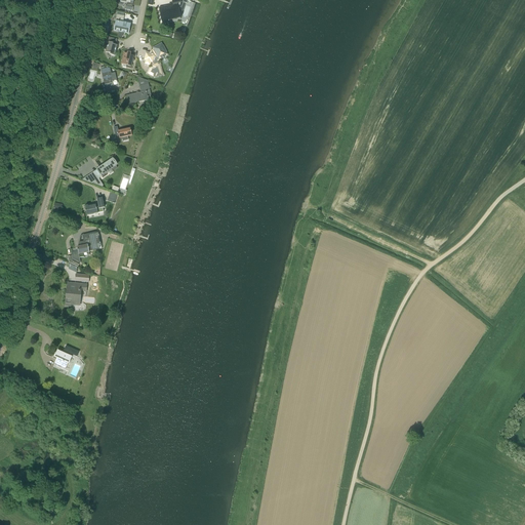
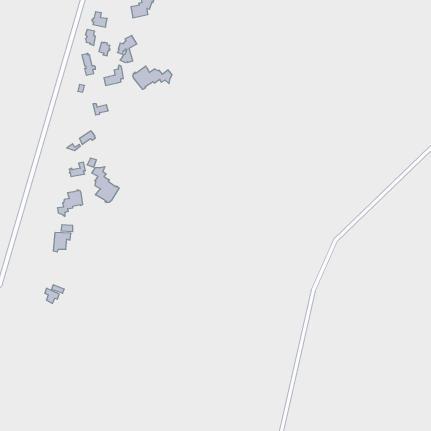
building: none -> [133,66,172,89]
building: none -> [92,167,119,203]

